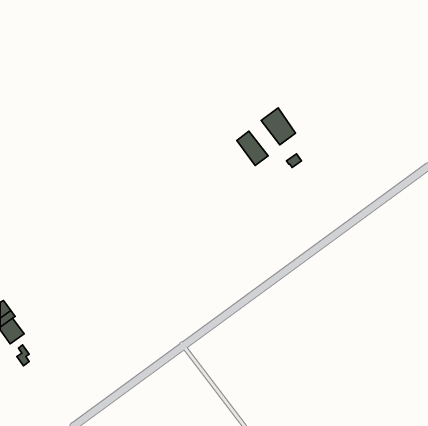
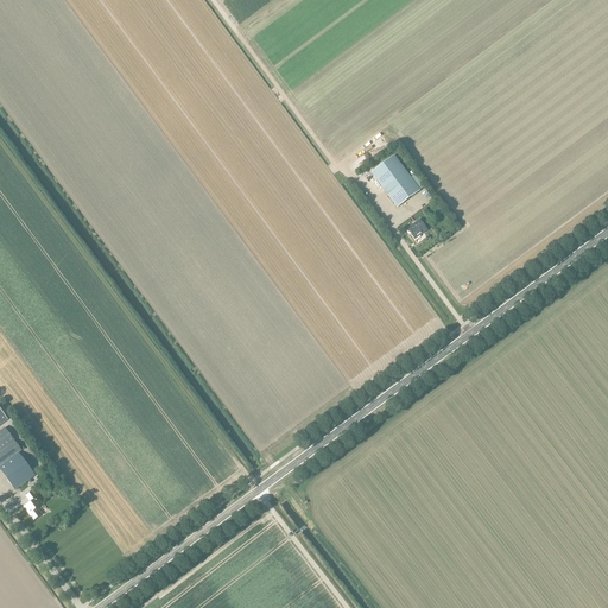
building: [237,131,268,165] -> none

